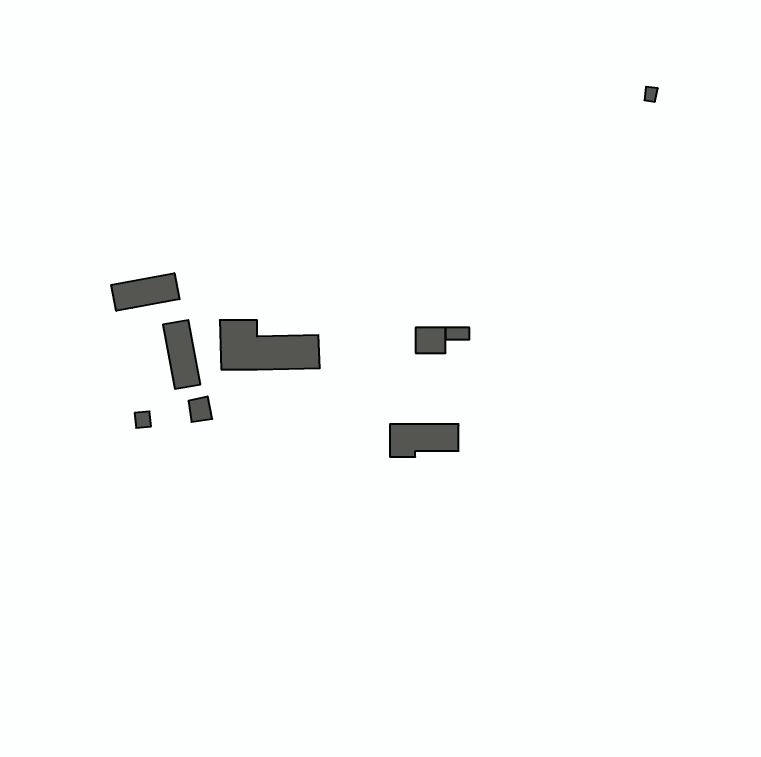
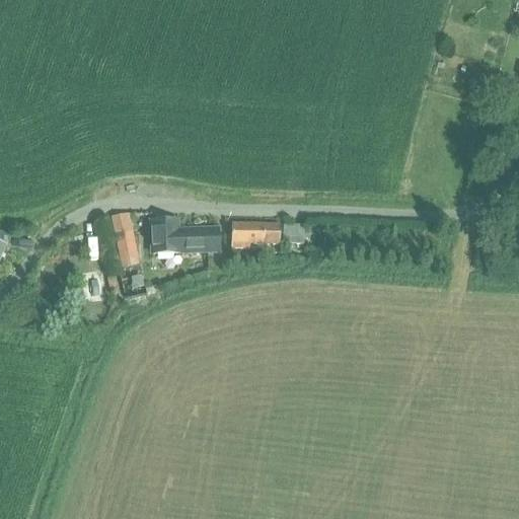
building: [111,273,180,311] -> none
building: [390,424,459,457] -> [233,222,280,244]

